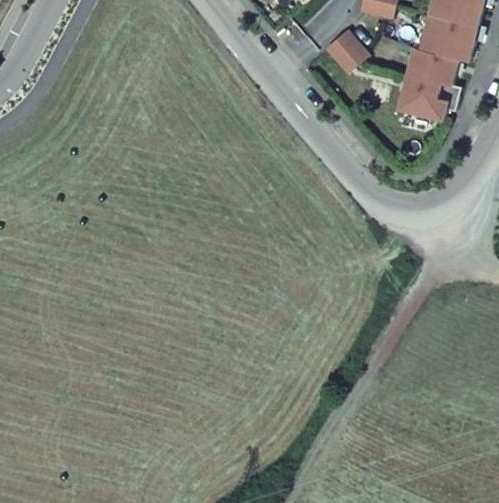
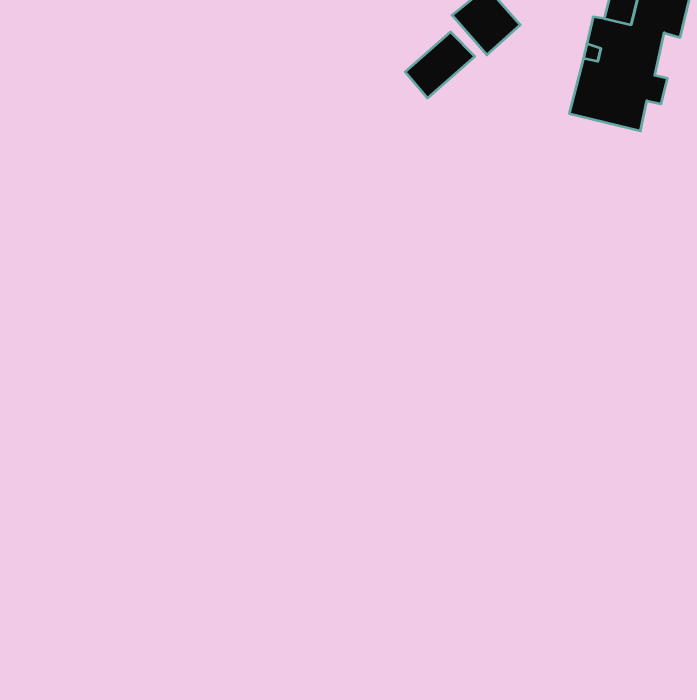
building: none -> [405,32,475,98]

